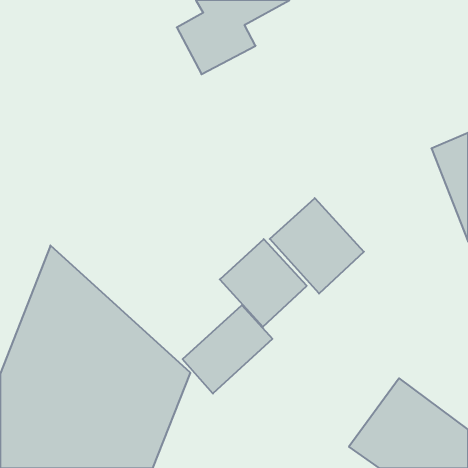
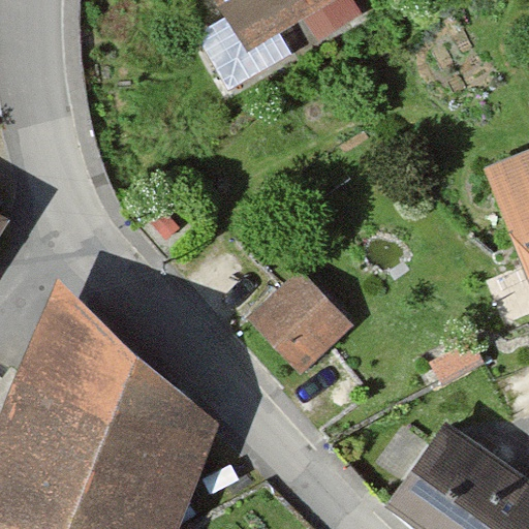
building: [270,198,364,294] -> none
building: [183,305,272,394] -> none

